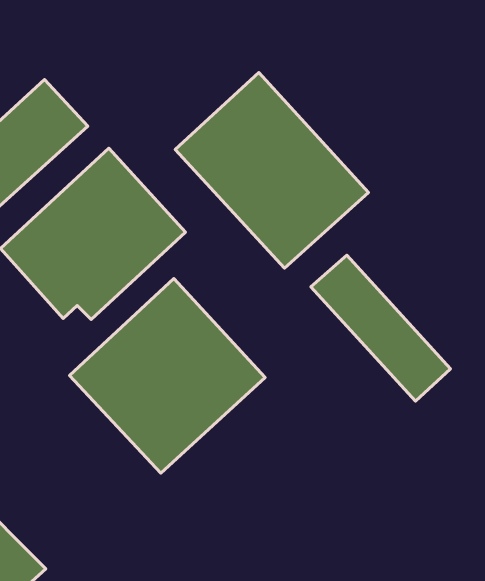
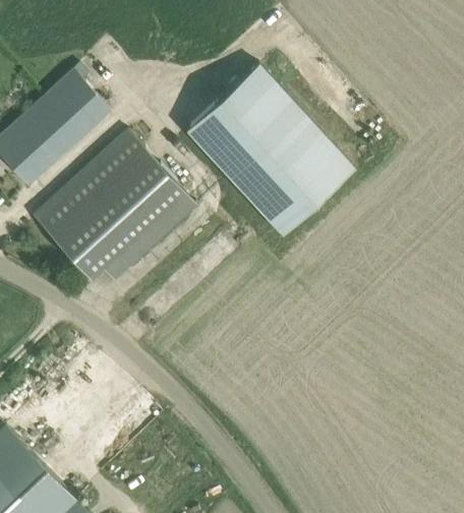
building: [311,255,450,401] -> none
building: [69,279,265,473] -> none

